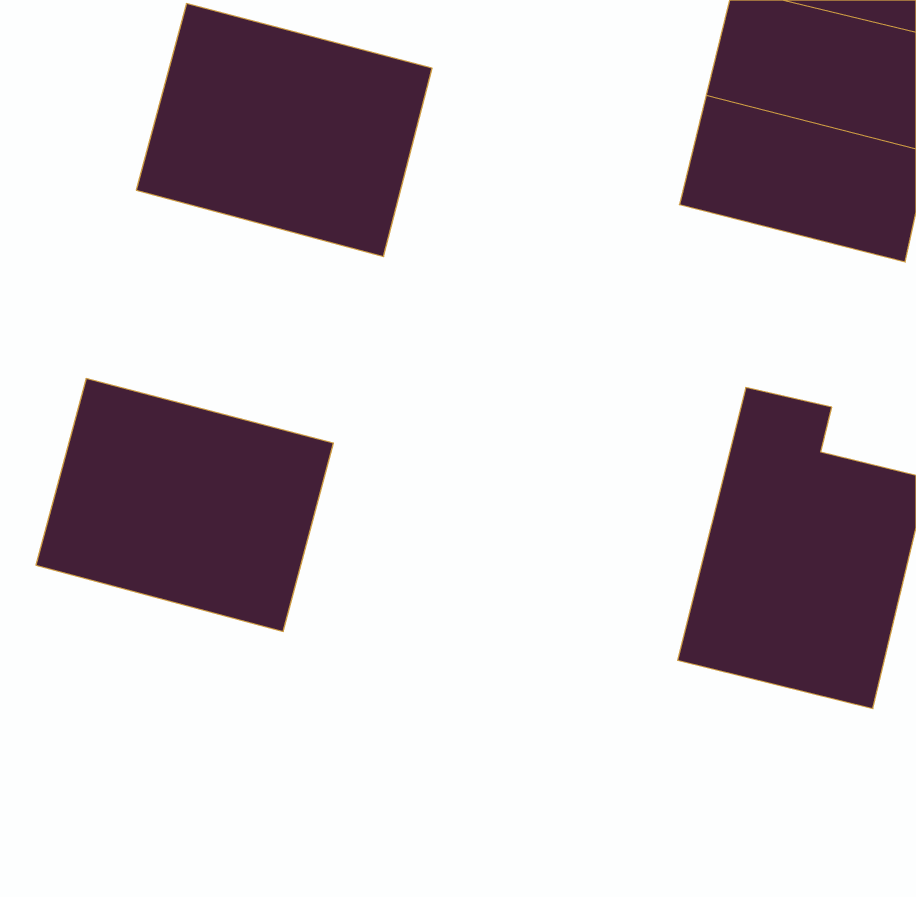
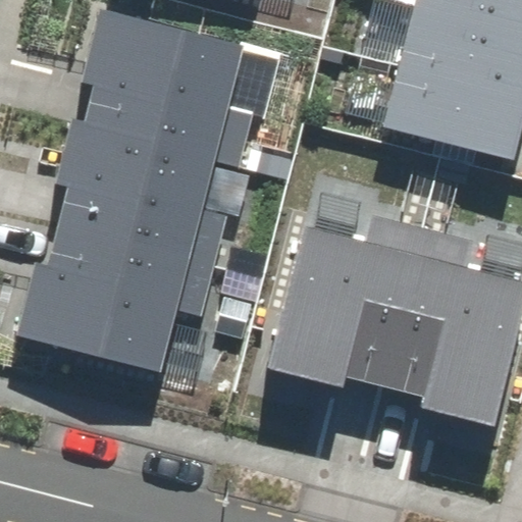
building: none -> [49,119,218,263]
building: none -> [275,218,424,386]

